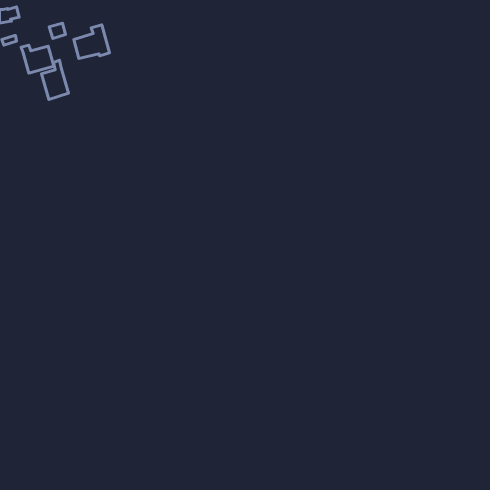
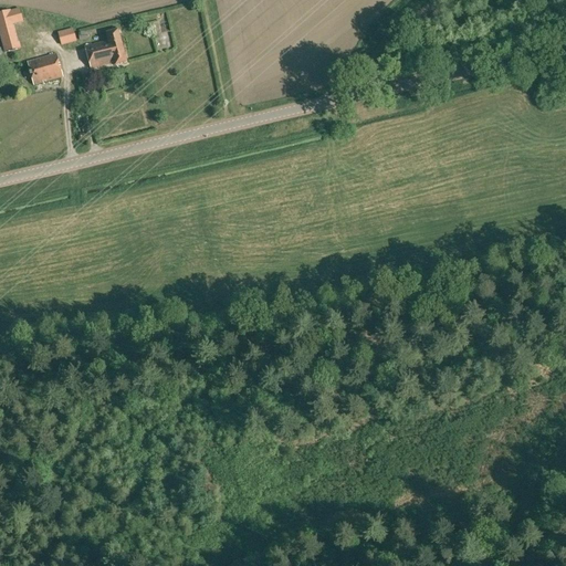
building: [41,60,69,99] -> none

